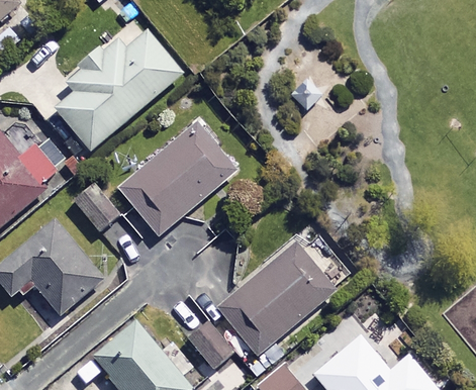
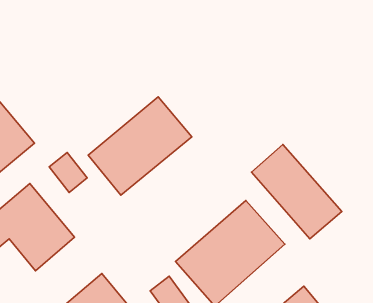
building: [55,31,183,151] -> none
building: none -> [252,145,342,239]

